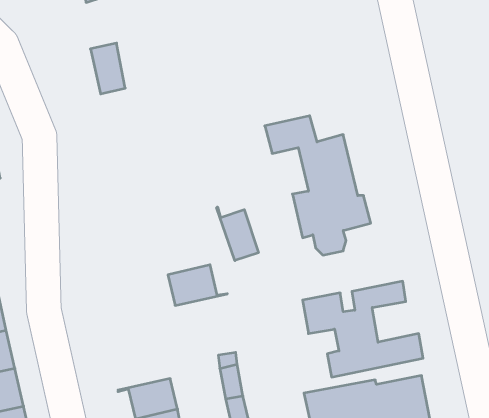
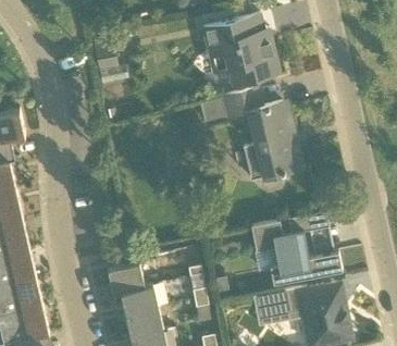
building: none -> [202,14,278,85]
building: [217,207,258,261] -> none
building: [168,265,227,305] -> [107,263,151,294]

